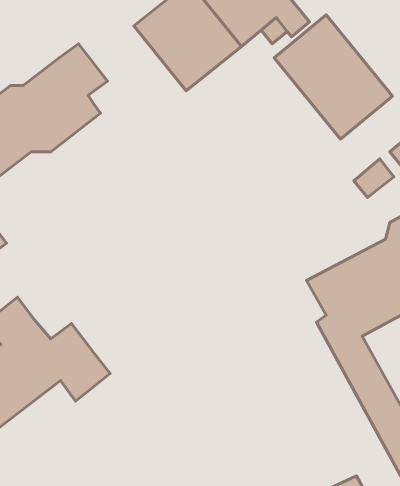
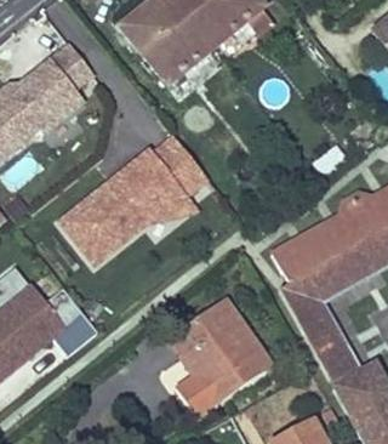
building: [274,15,393,139] -> none
building: none -> [58,136,207,267]
building: none -> [169,300,268,402]

